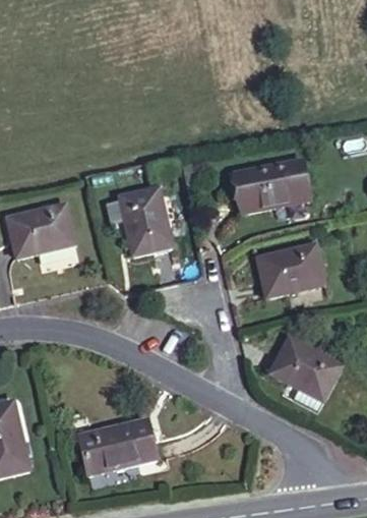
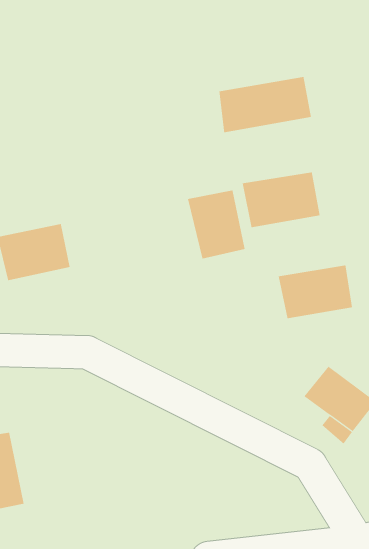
building: none -> [219,76,312,133]
building: [111,189,164,252] -> [187,190,245,259]
building: [91,416,162,468] -> none

